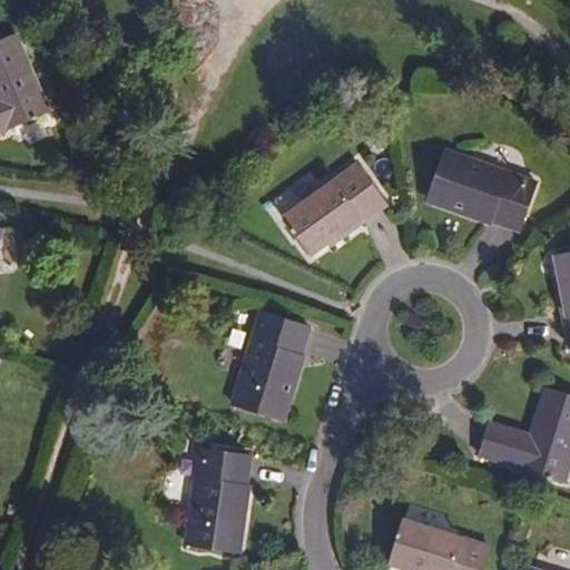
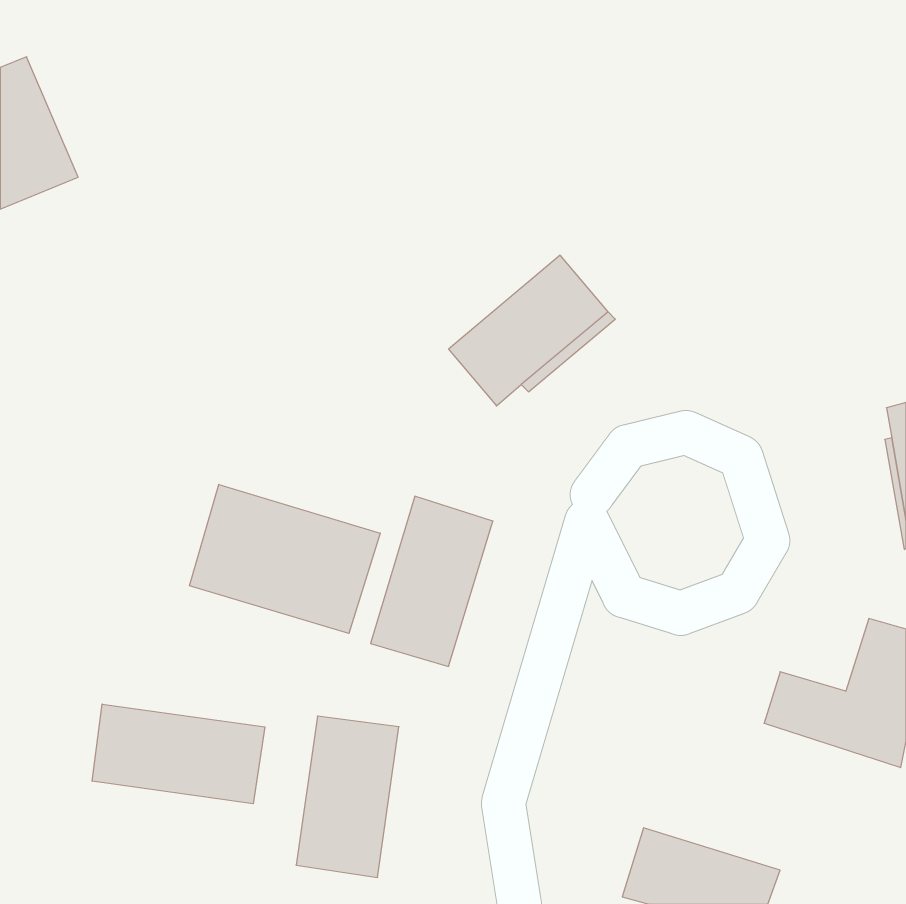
building: [430,150,537,229] -> none
building: none -> [189,484,380,633]
building: none -> [92,704,265,804]

